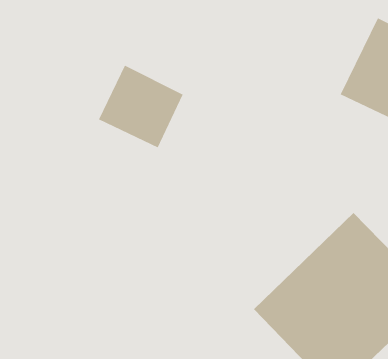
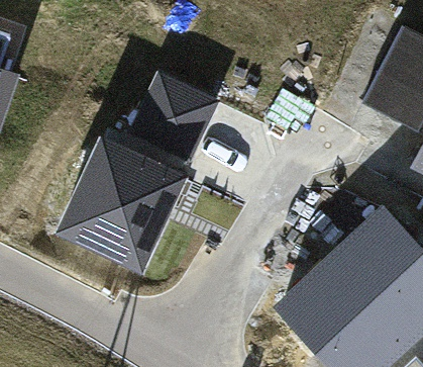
building: none -> [67,141,181,261]

